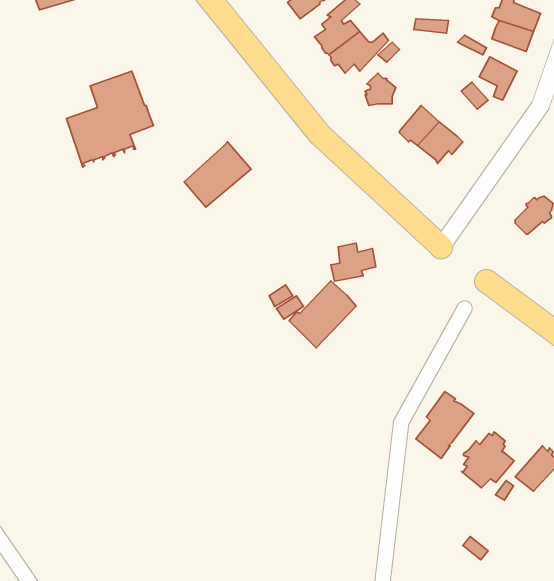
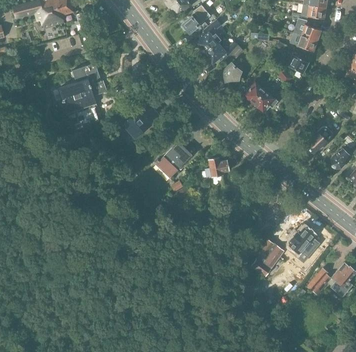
building: [289,281,356,348] -> [155,141,192,178]
building: [462,432,514,488] -> [289,226,318,257]

